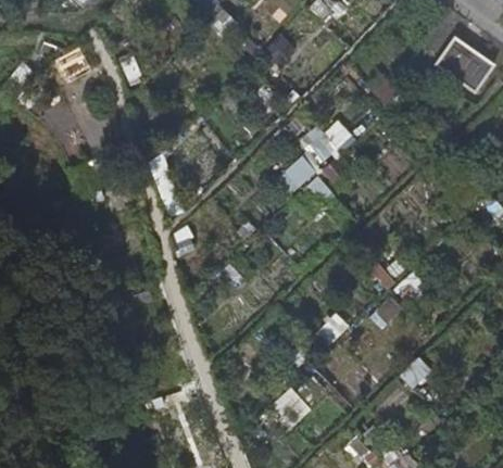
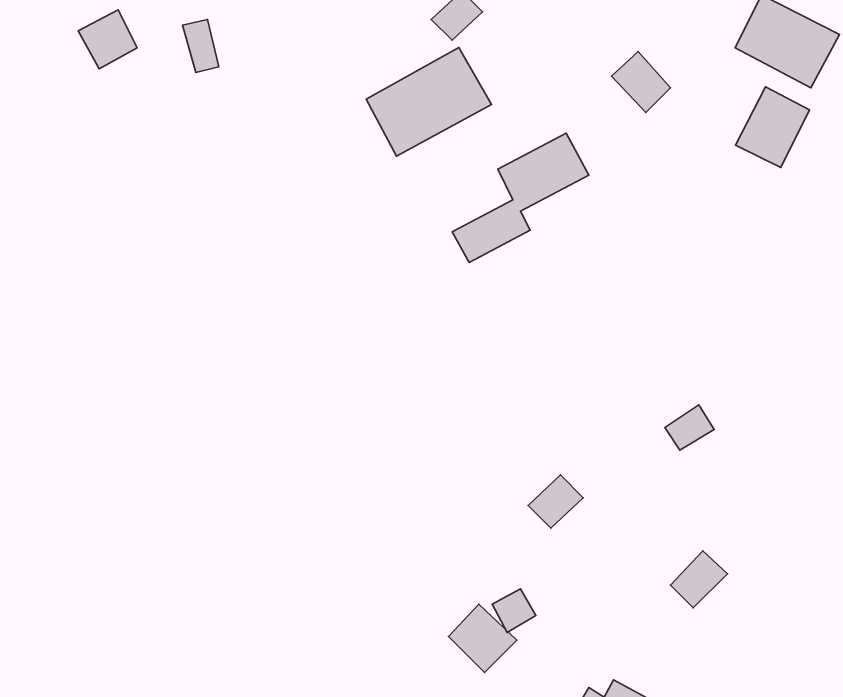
building: none -> [366,48,491,156]
building: none -> [736,87,809,168]

